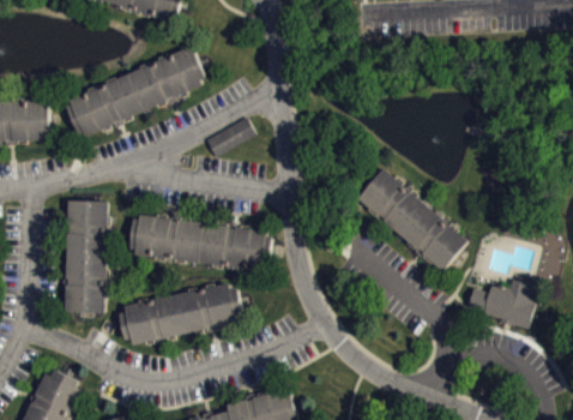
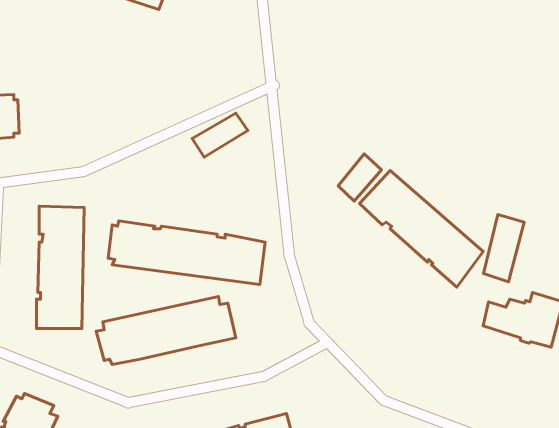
building: [65,48,205,136] -> none
building: none -> [338,154,382,201]
building: none -> [484,214,524,282]

